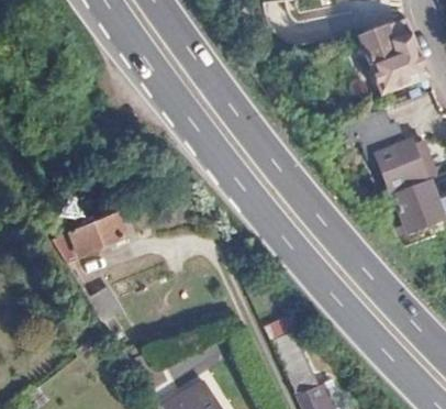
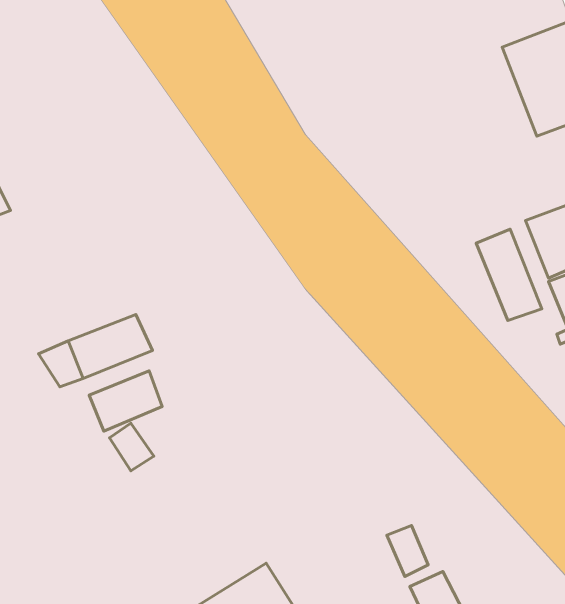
building: none -> [476,229,542,320]
building: none -> [89,371,162,431]

